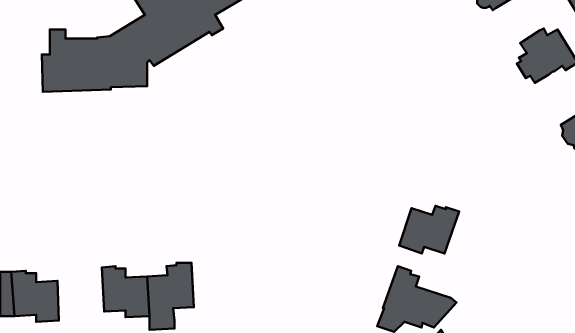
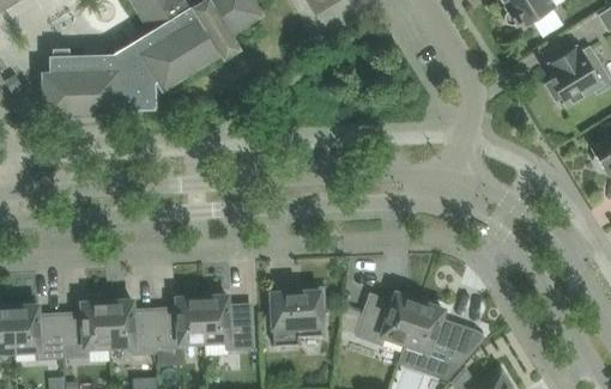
building: [399,206,459,253] -> [357,293,421,344]
building: none -> [271,288,323,346]
building: none -> [202,294,253,348]
building: none -> [61,300,110,357]

